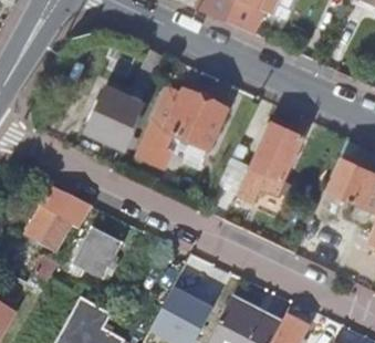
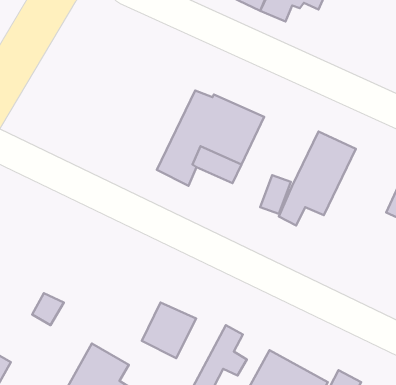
building: [86,82,147,145] -> none
building: [23,186,92,248] -> none
building: [74,230,119,277] -> [142,303,196,358]

